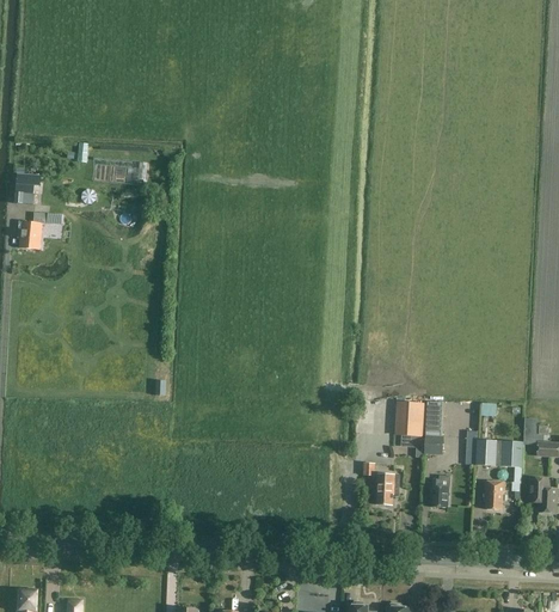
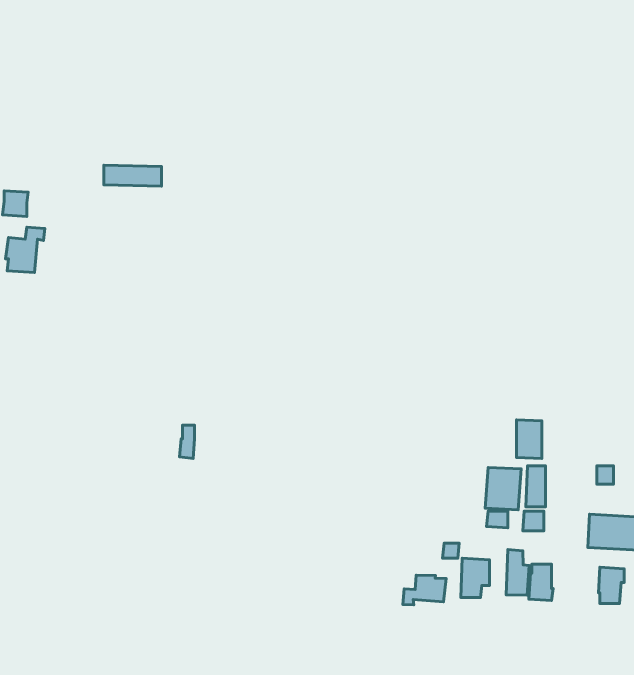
building: none -> [516,420,542,458]
building: none -> [506,549,529,595]
building: none -> [403,575,446,605]

